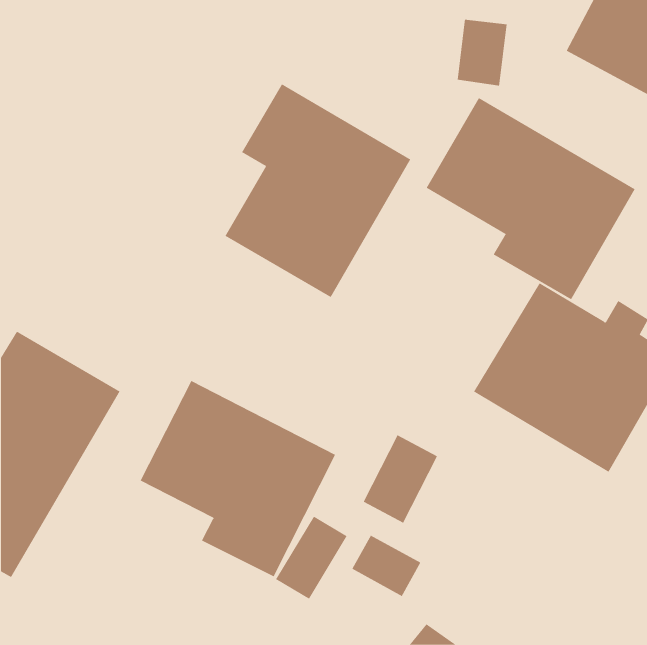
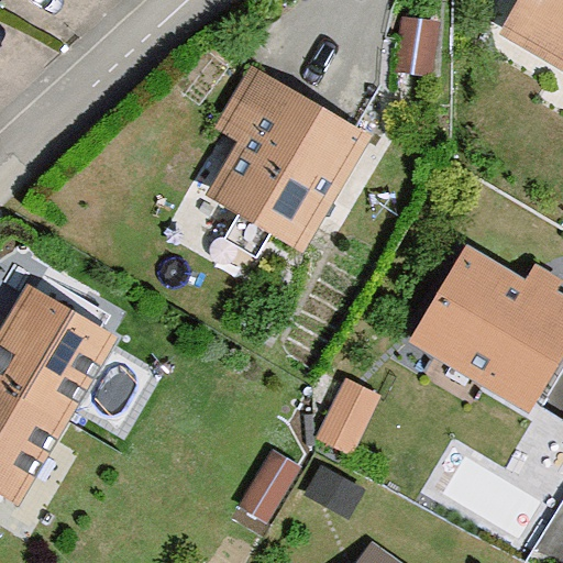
building: [426,97,635,300] -> none
building: [140,380,336,577] -> none

